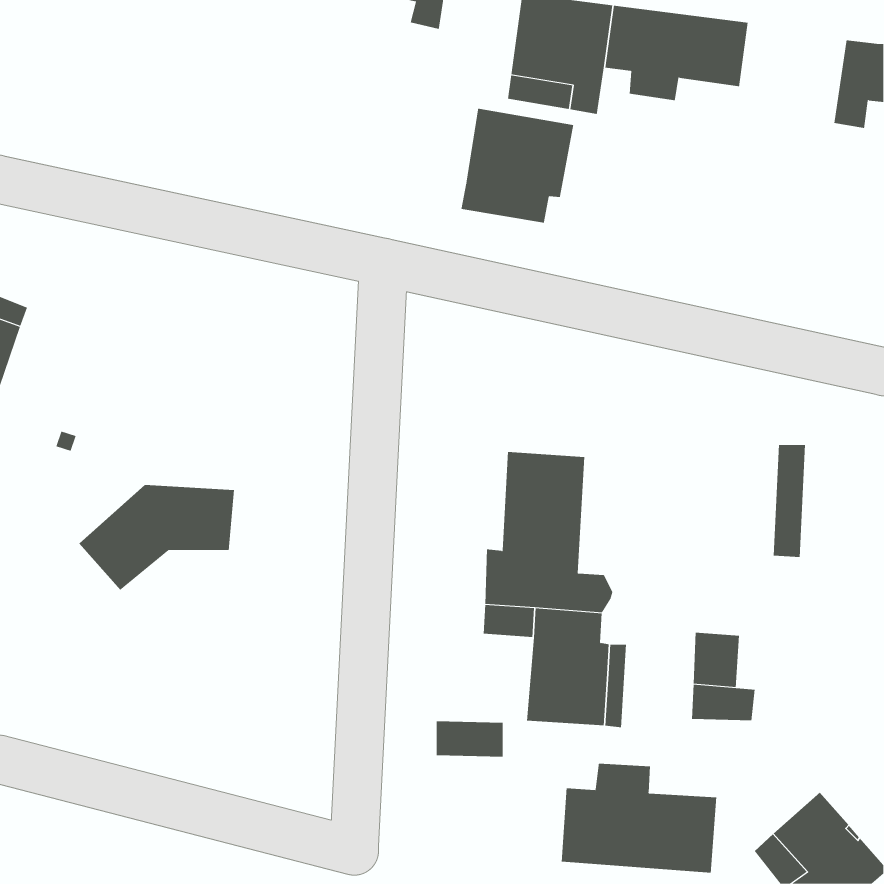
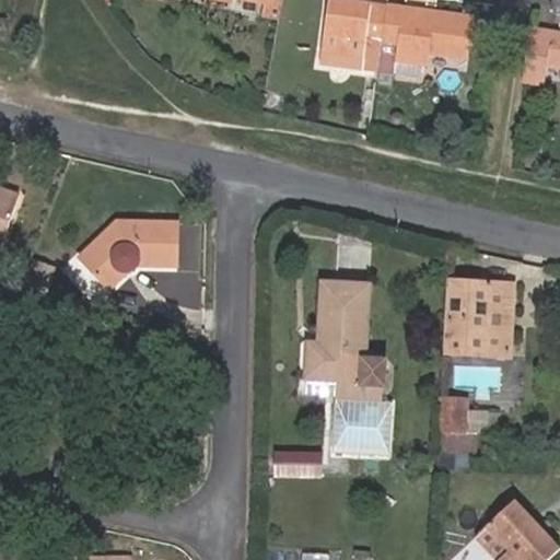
building: [461,108,574,223] -> none
building: none -> [446,277,490,350]
building: [78,485,235,590] -> [78,220,176,287]
building: [561,763,717,874] -> none

